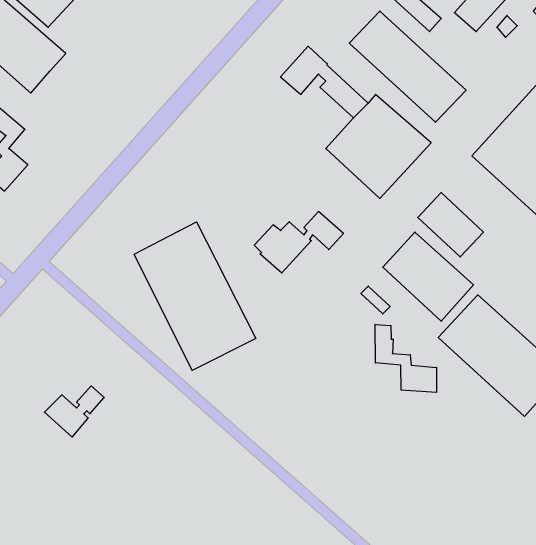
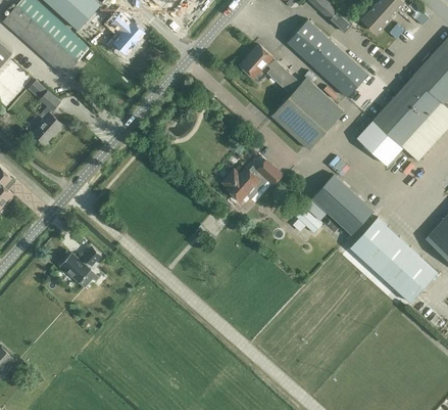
building: none -> [113,16,141,48]
building: [418,193,483,257] -> [356,121,402,166]
building: [134,222,256,370] -> none
building: [375,324,437,392] -> none
building: [44,386,104,437] -> [59,248,101,284]

